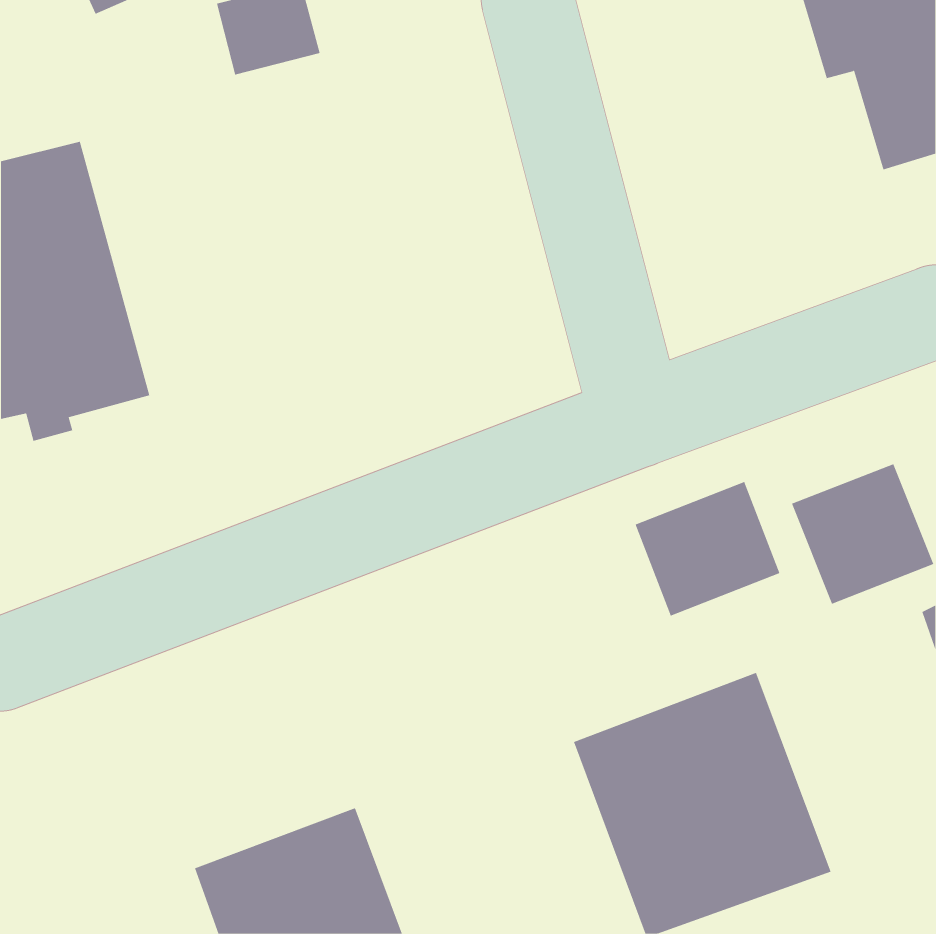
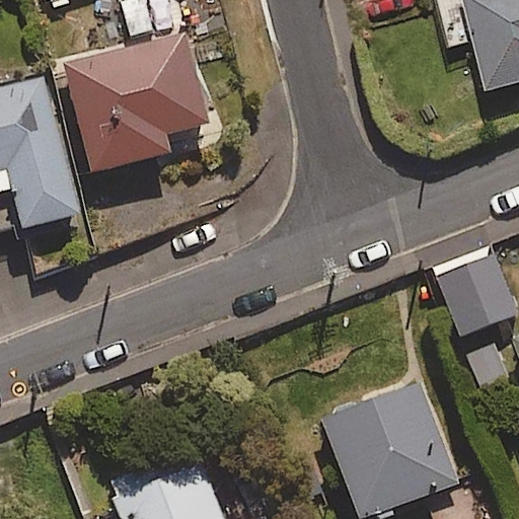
building: none -> [63,31,212,178]
building: [635,481,780,617] -> none

